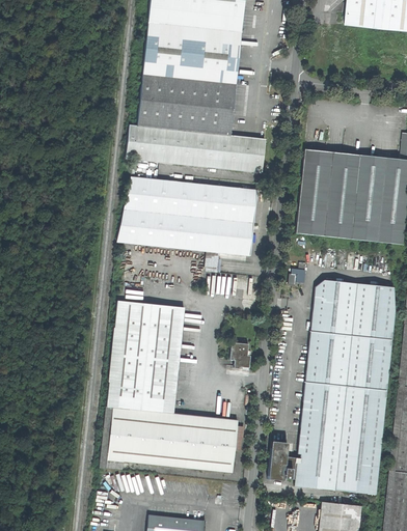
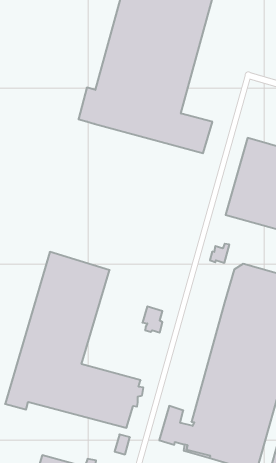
building: [118,160,257,272] -> none

